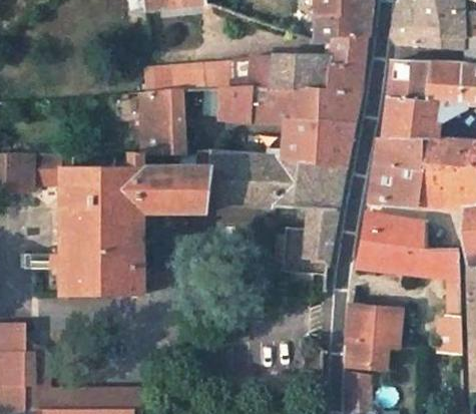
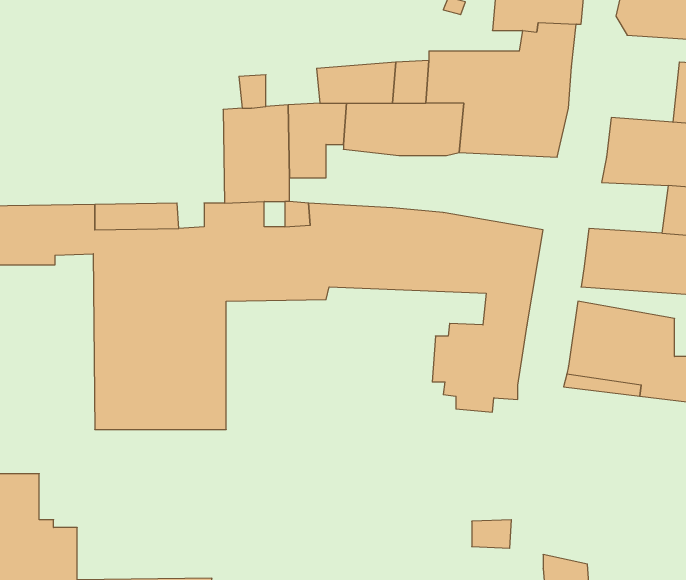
building: [387,61,430,99] -> none
building: [281,118,353,167] -> none
building: [373,137,423,169] -> none
building: [343,308,399,370] -> none

